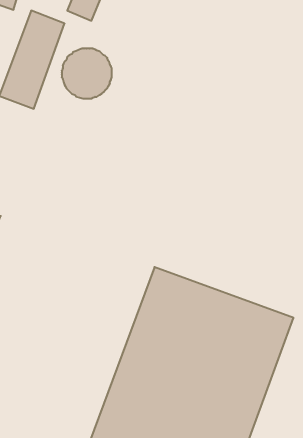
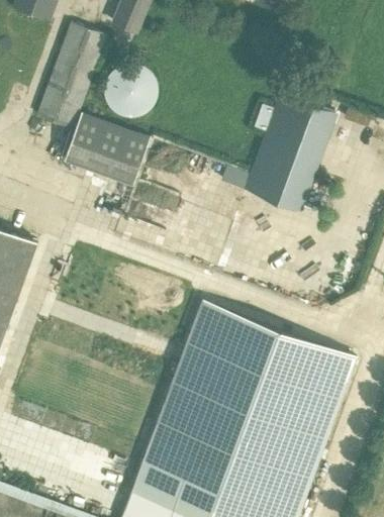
building: none -> [243,92,337,210]
building: none -> [64,114,150,186]

